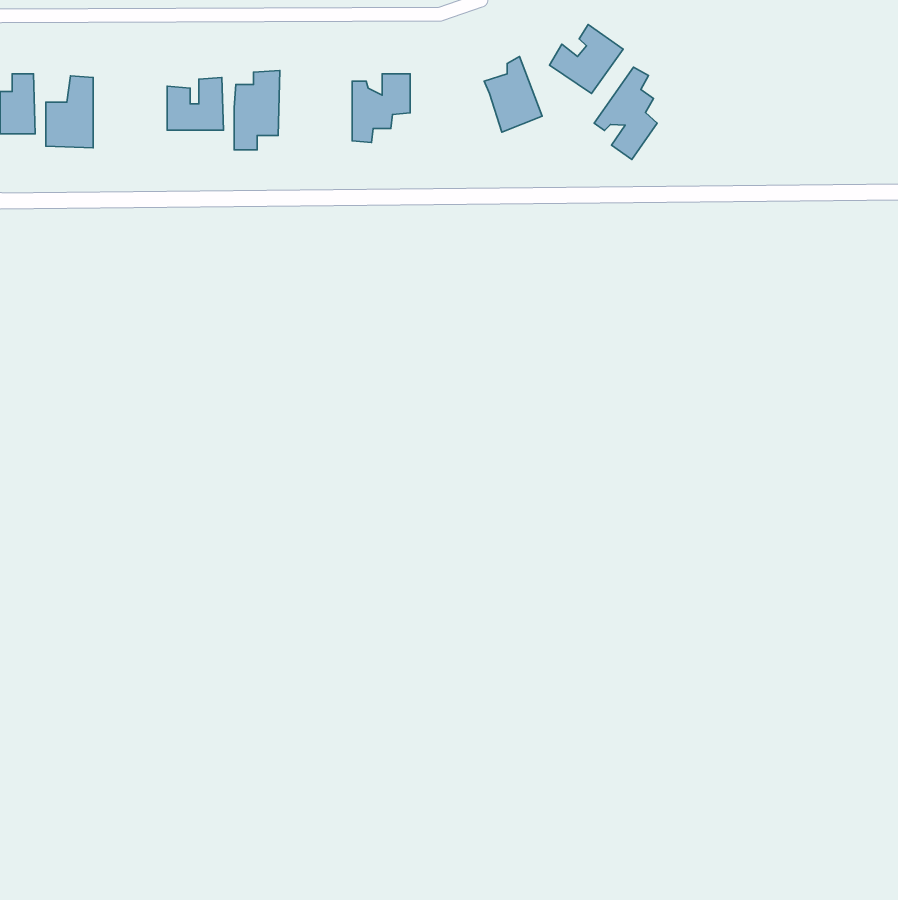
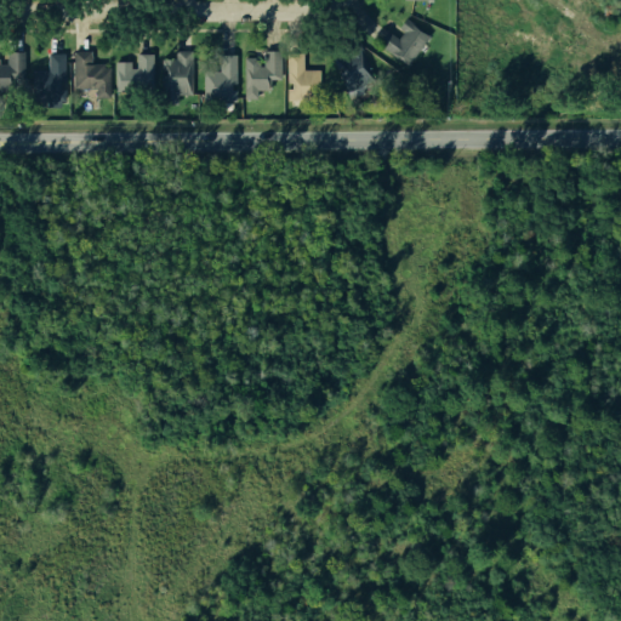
building: [594,67,657,159] -> none
building: none -> [74,49,110,97]
building: none -> [287,52,312,99]
building: none -> [205,53,237,101]

